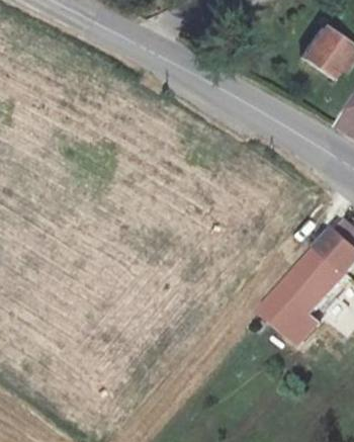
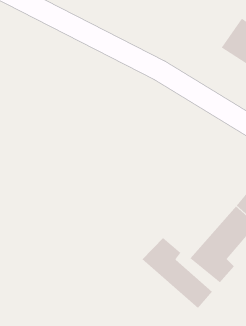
building: none -> [141,237,213,309]

